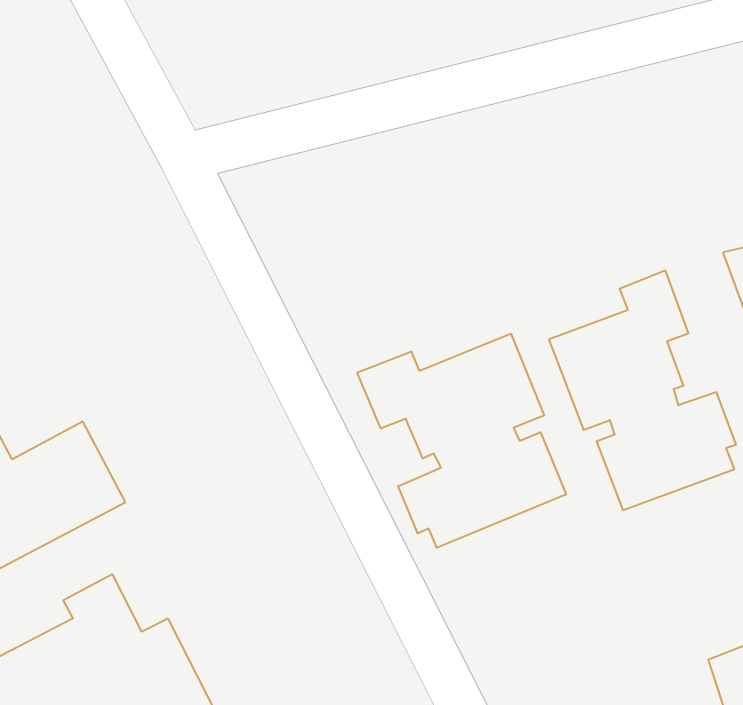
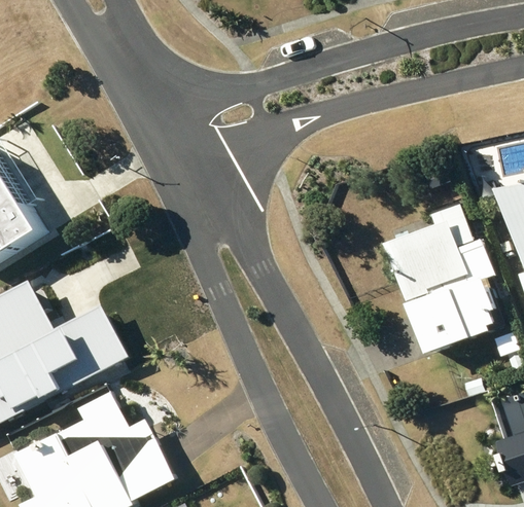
building: [357,334,566,548] -> none

